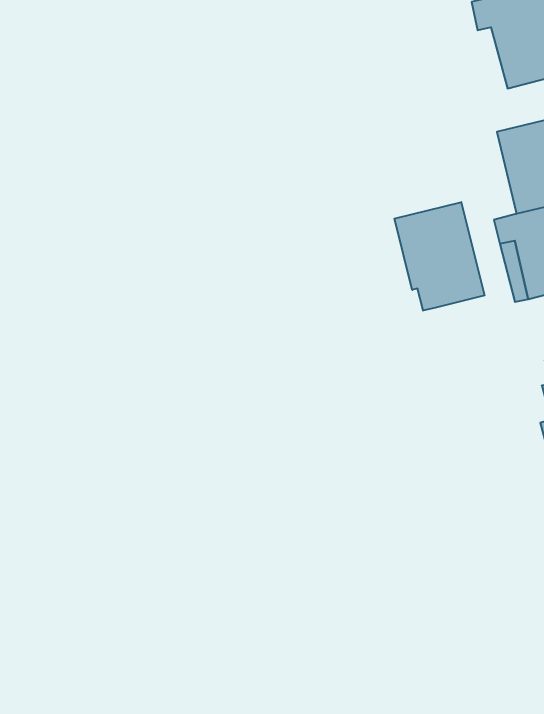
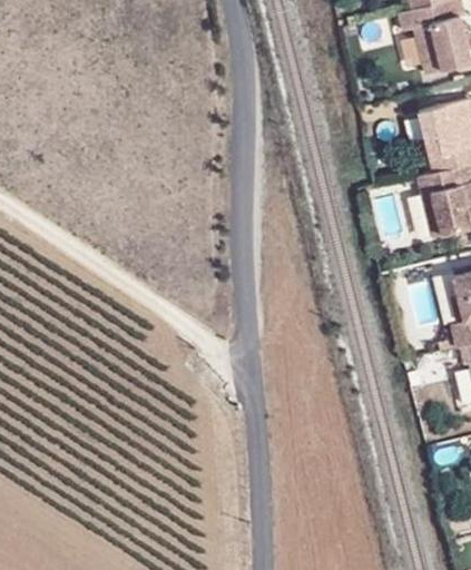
building: [394,202,485,311] -> none

